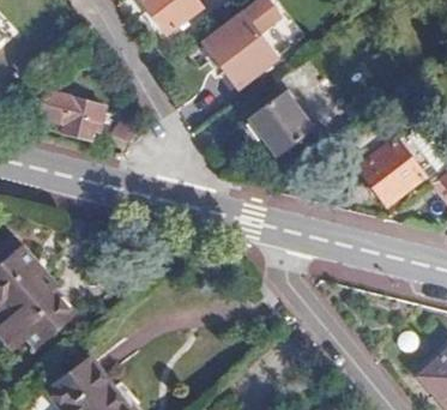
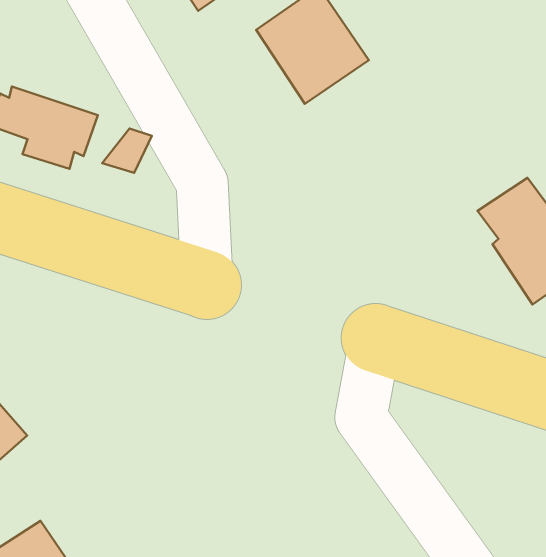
building: [247,91,310,157] -> none

